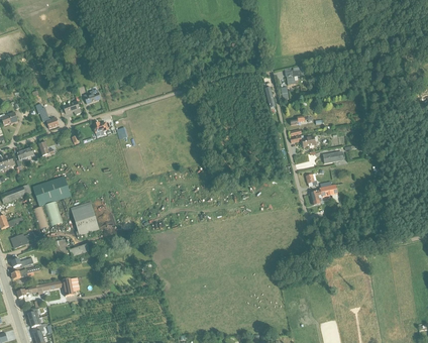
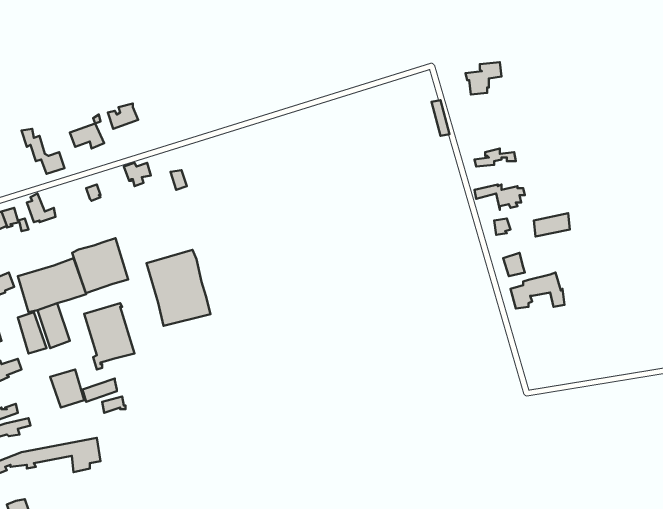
building: none -> [72,238,128,293]
building: none -> [146,250,211,326]

